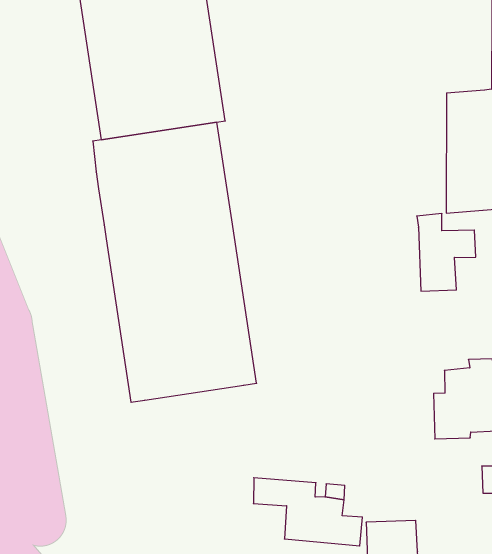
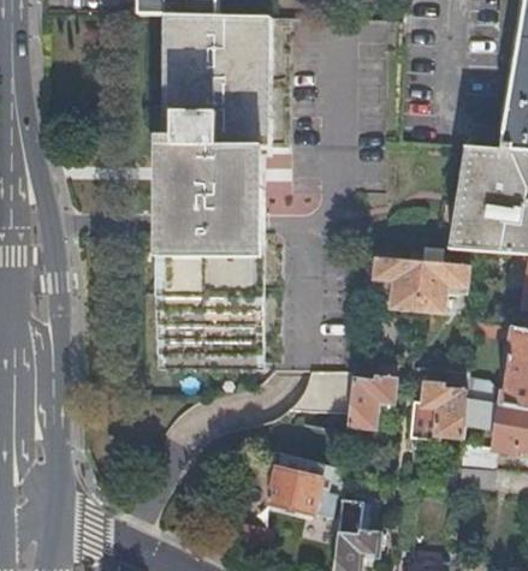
building: none -> [370,254,421,310]
building: none -> [348,362,396,430]
building: none -> [308,374,344,416]

